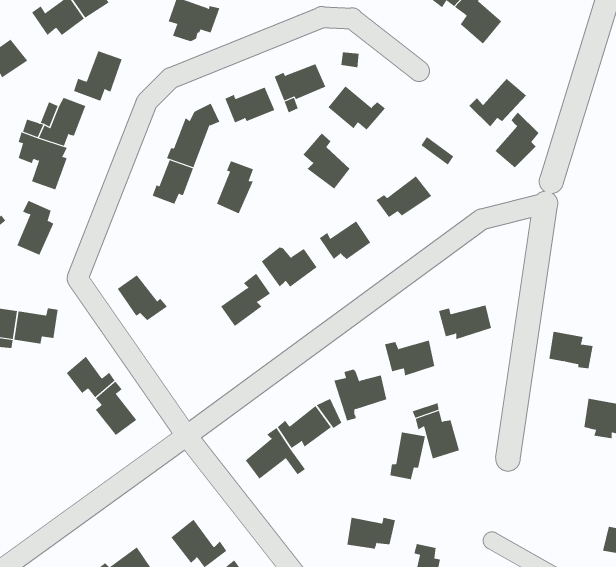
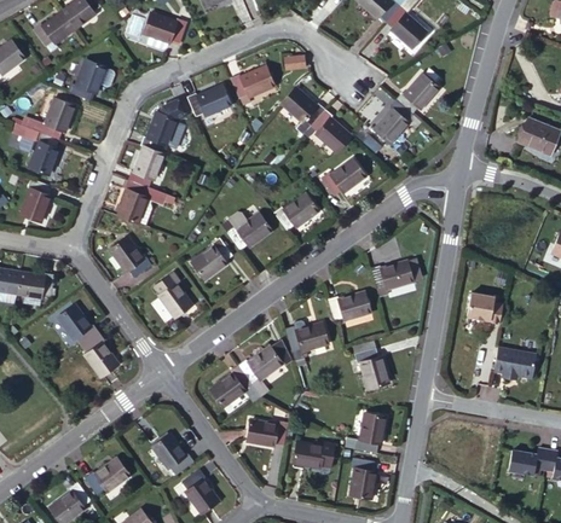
building: [494,112,539,168] -> [376,99,413,146]
building: [302,133,350,189] -> [311,101,351,149]
building: [216,160,254,214] -> [120,174,151,219]
building: none -> [151,275,187,324]
building: [390,432,426,480] -> [353,417,383,457]
building: none -> [247,422,289,451]

